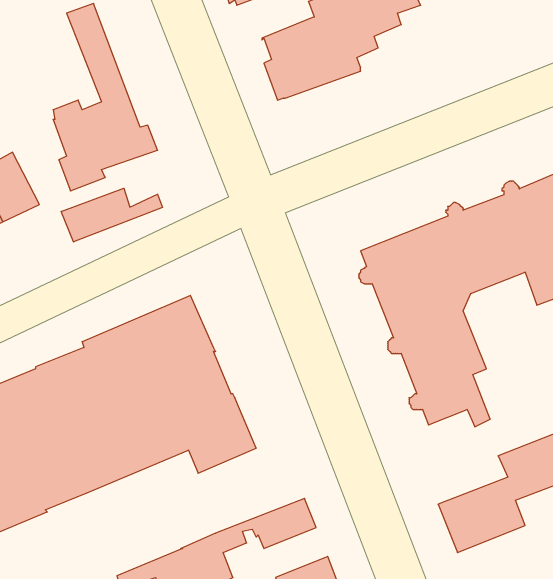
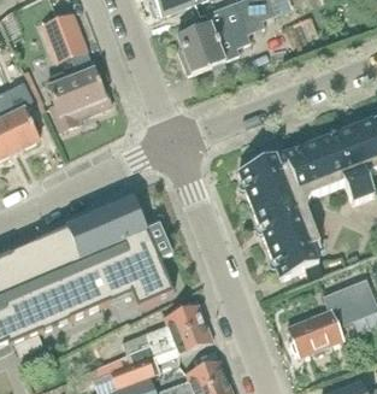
building: [61,188,162,242] -> none
building: none -> [123,301,205,353]

